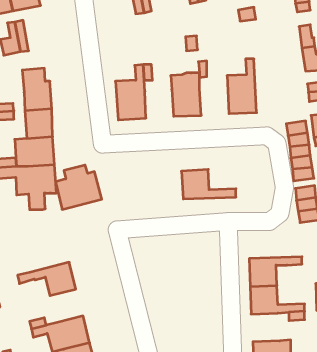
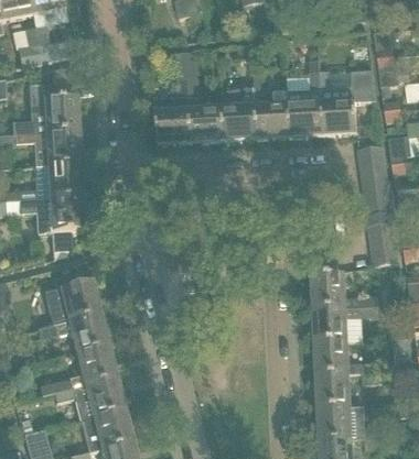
building: none -> [320,69,376,134]
building: none -> [255,88,290,138]
building: none -> [190,107,224,141]
building: [56,165,102,209] -> [44,272,99,325]
building: [181,169,236,199] -> [312,273,377,308]
building: none -> [76,345,116,384]
building: none -> [316,373,351,407]

